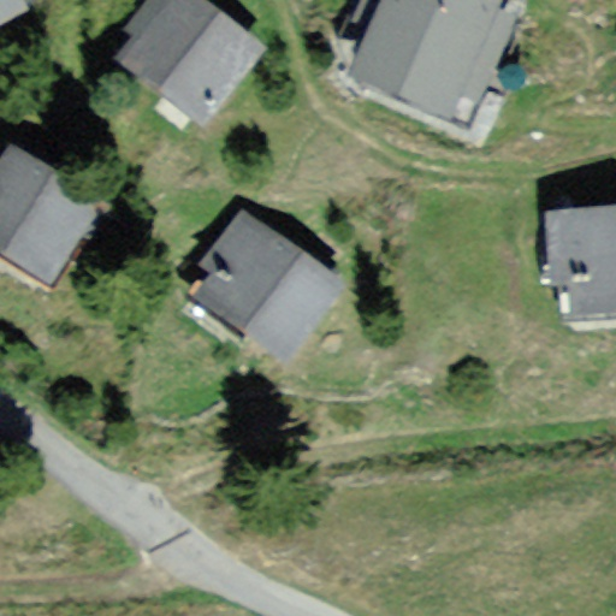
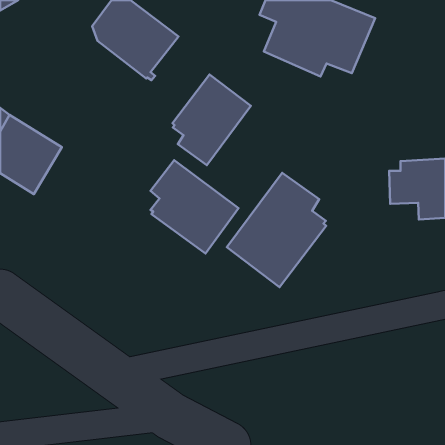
building: none -> [172,75,251,165]
building: none -> [227,173,326,287]

